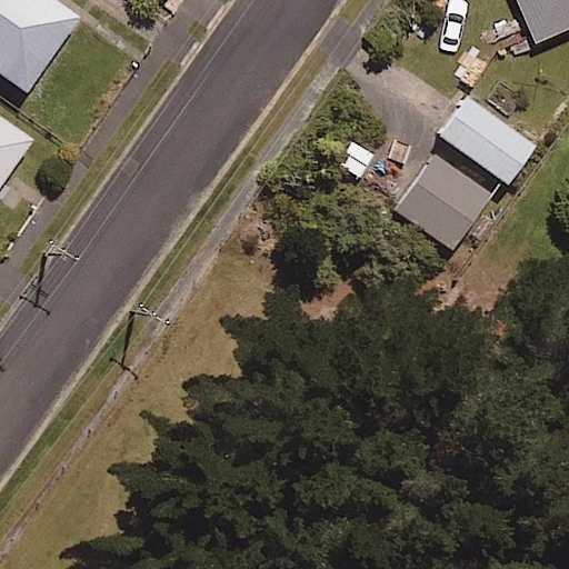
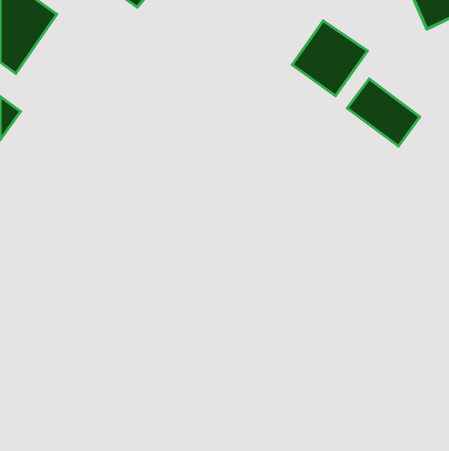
building: [396,154,490,249] -> [292,21,367,96]

